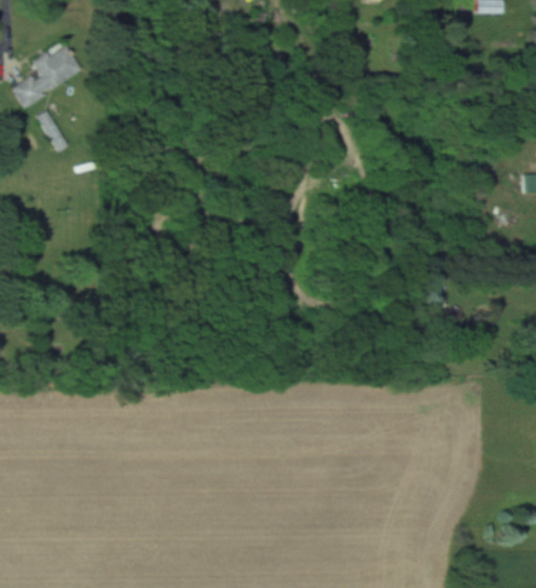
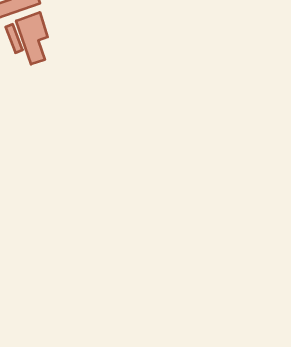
building: none -> [16,12,48,64]

